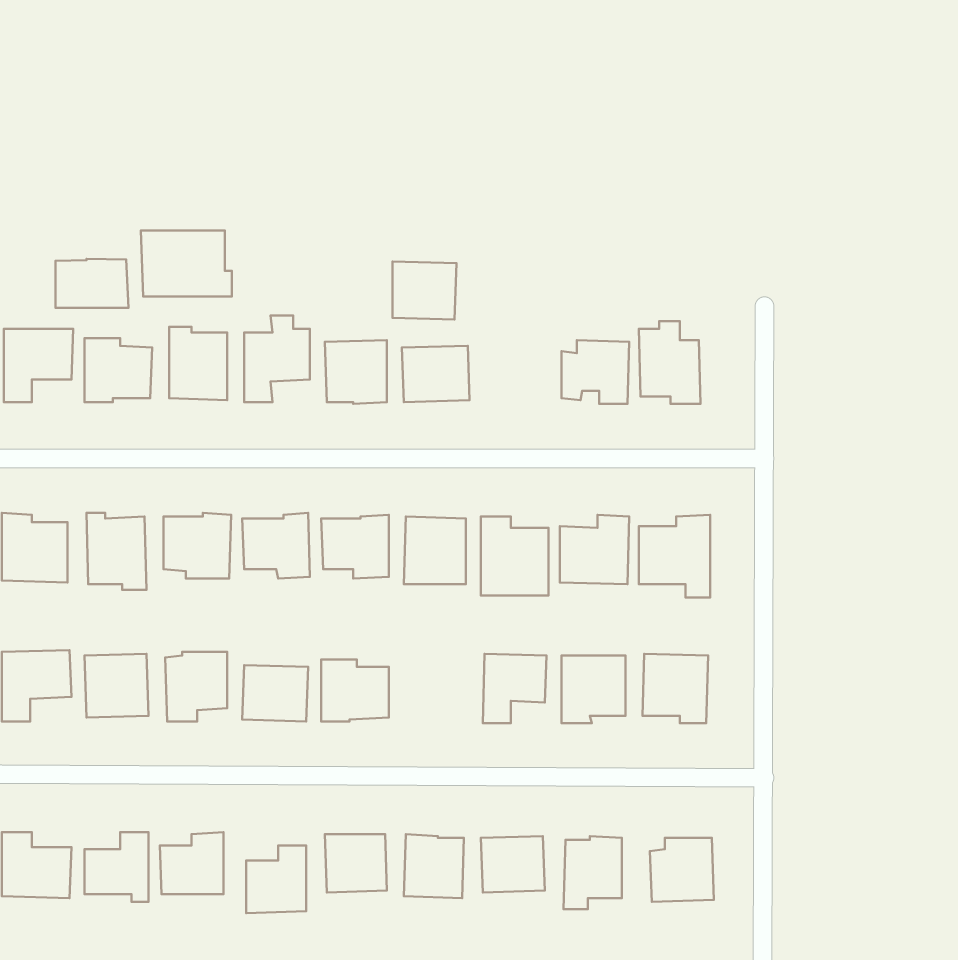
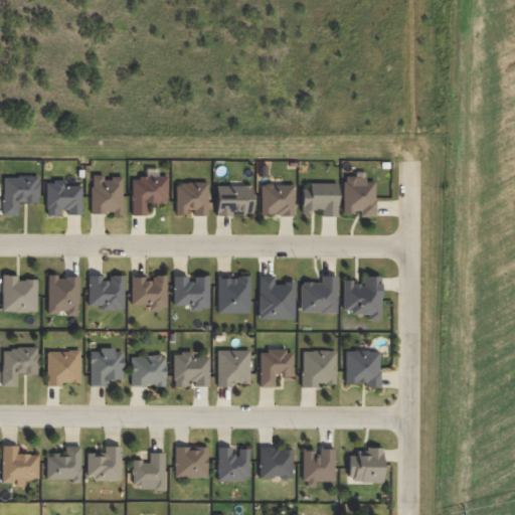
building: [141,231,232,296] -> none
building: [56,259,128,308] -> none
building: [393,261,456,320] -> [261,184,295,215]
building: none -> [217,350,250,387]

